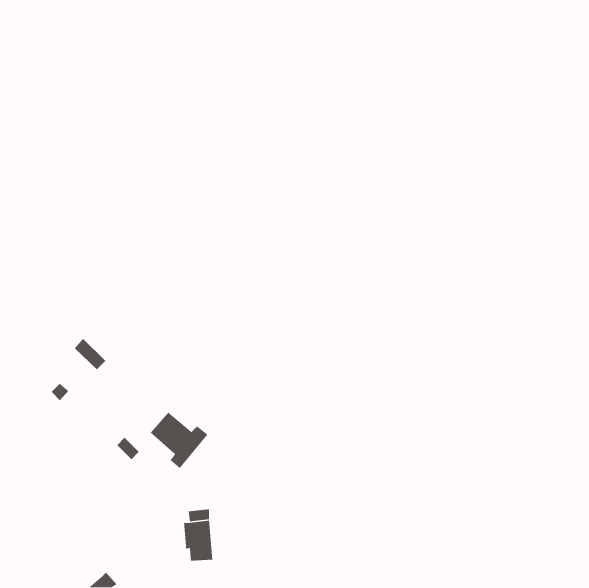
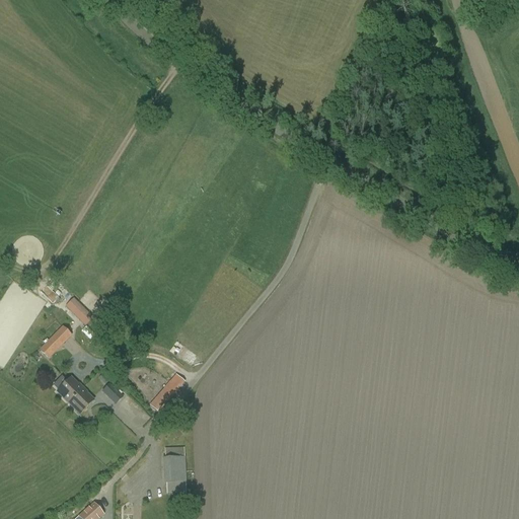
building: none -> [57,377,93,415]

